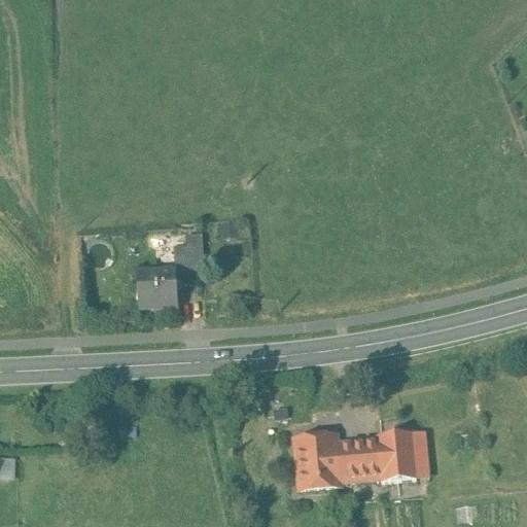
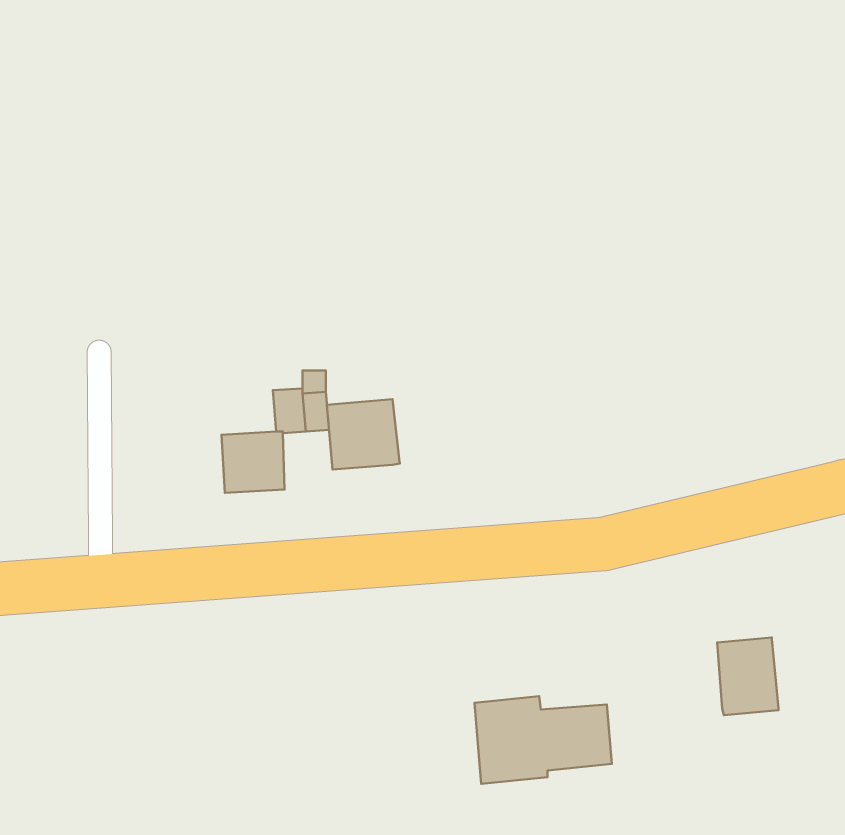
building: none -> [327,399,400,470]
building: [378,431,416,480] -> [717,638,778,715]

